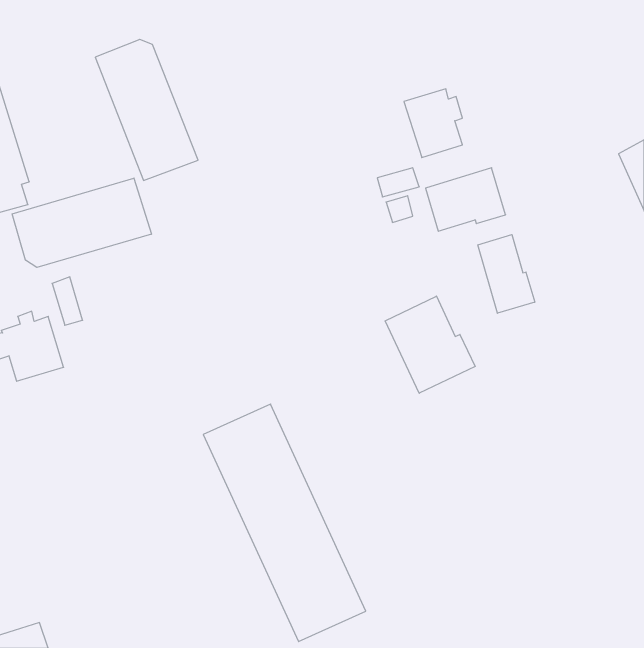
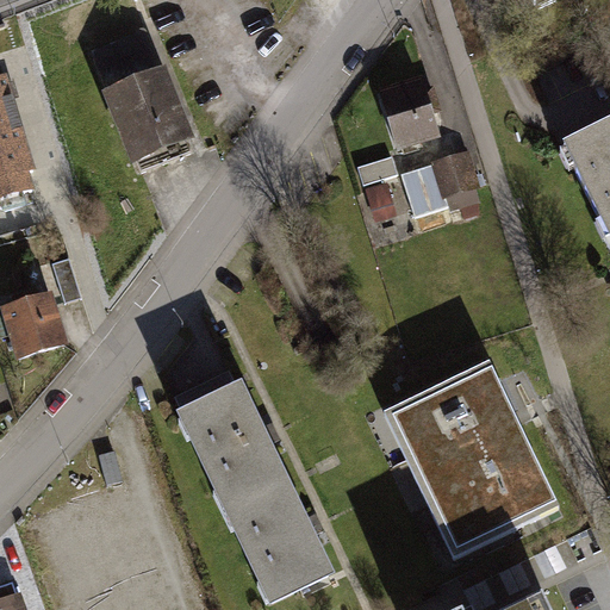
building: [12,178,151,267] -> none
building: [478,235,535,313] -> none
building: [385,296,475,393] -> none
building: none -> [378,360,555,555]

